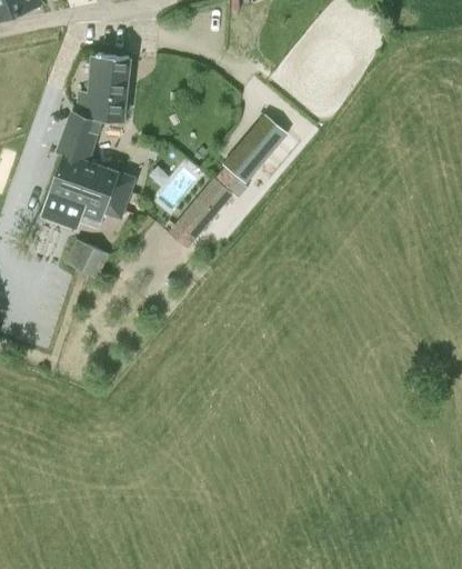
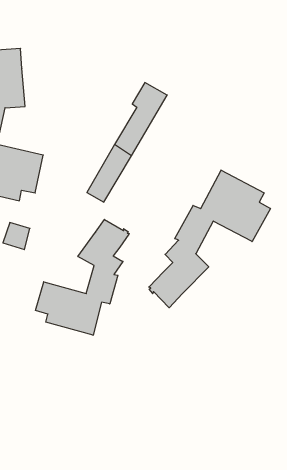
building: none -> [149,170,270,308]
building: none -> [36,219,129,335]

